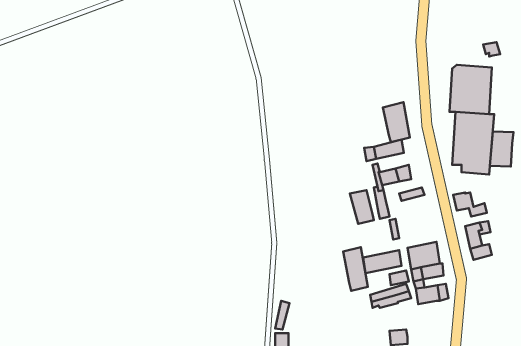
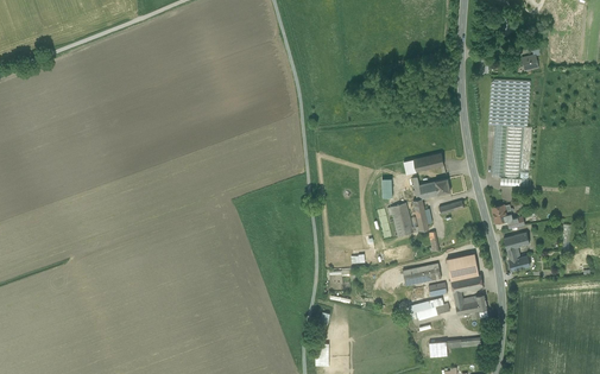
building: [383,102,410,142] -> none
building: [490,131,514,167] -> none
building: [343,247,368,291] -> none

